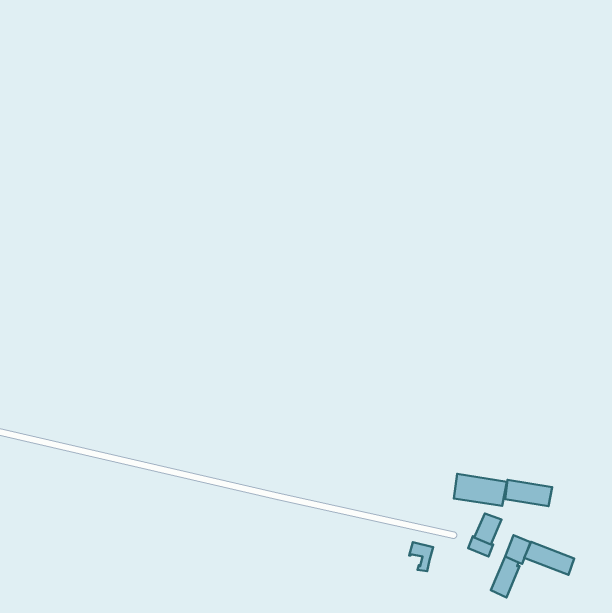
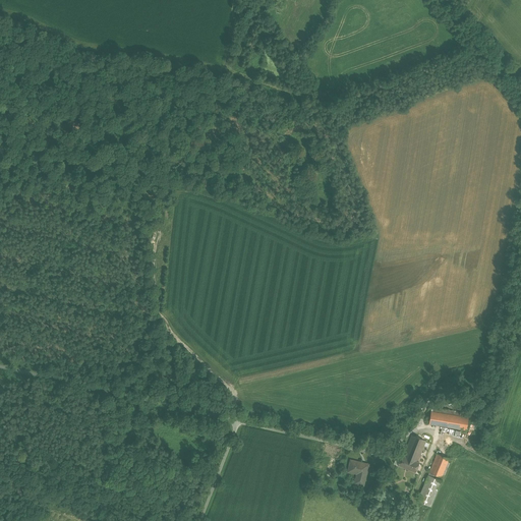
building: [454,474,507,506] -> none
building: [524,542,574,575] -> none

